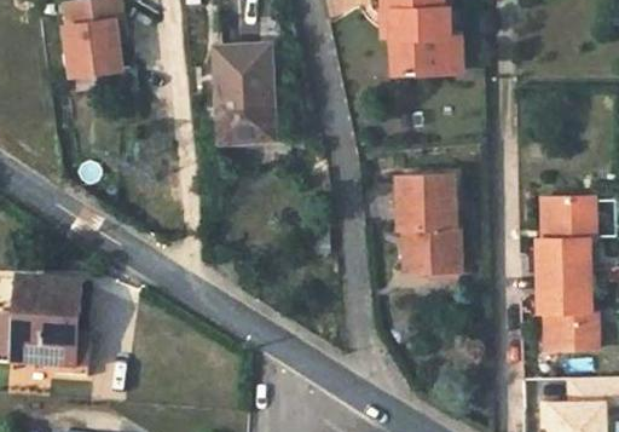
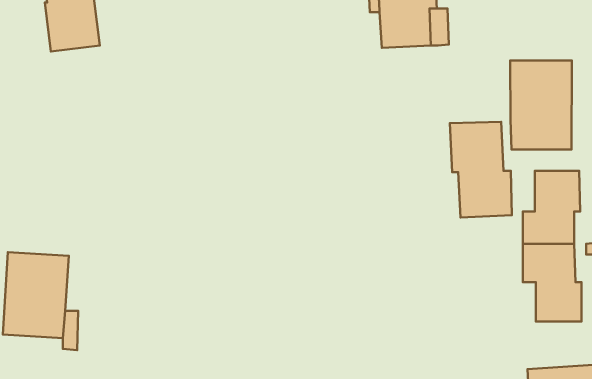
building: [214,46,273,142] -> none
building: none -> [510,61,572,150]
building: [397,177,459,273] -> [450,122,512,217]

